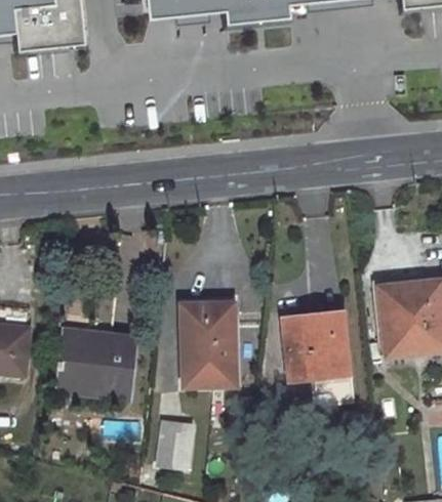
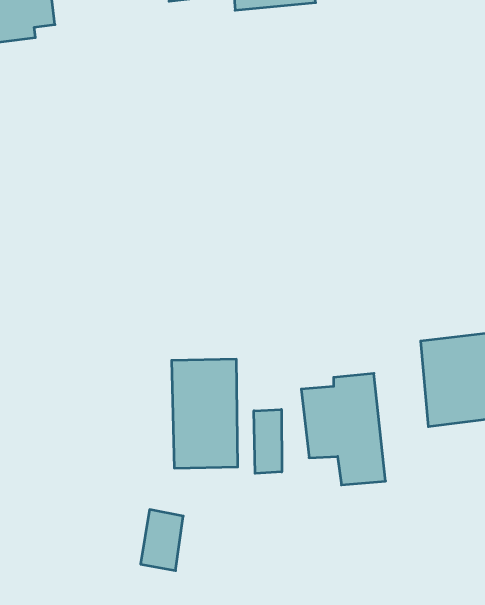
building: [57,335,134,395] -> none
building: none -> [254,409,282,473]

